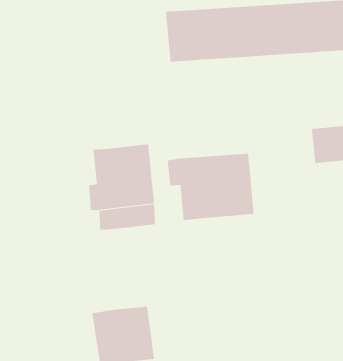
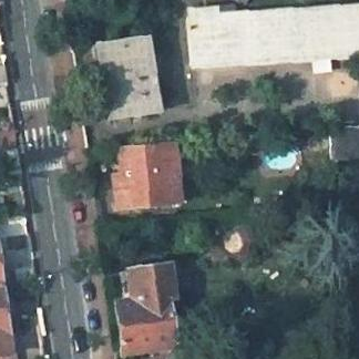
building: none -> [99,37,156,117]
building: [167,153,254,221] -> none
building: none -> [134,267,175,301]

